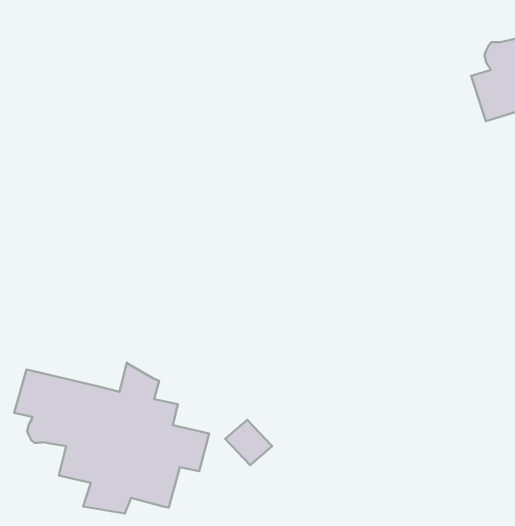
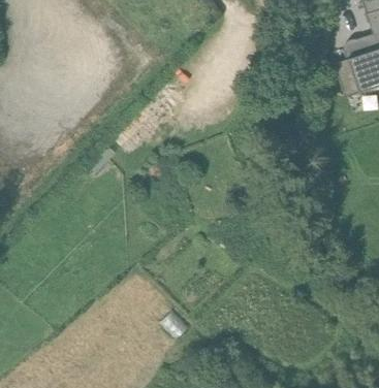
building: [14,363,209,513] -> none

